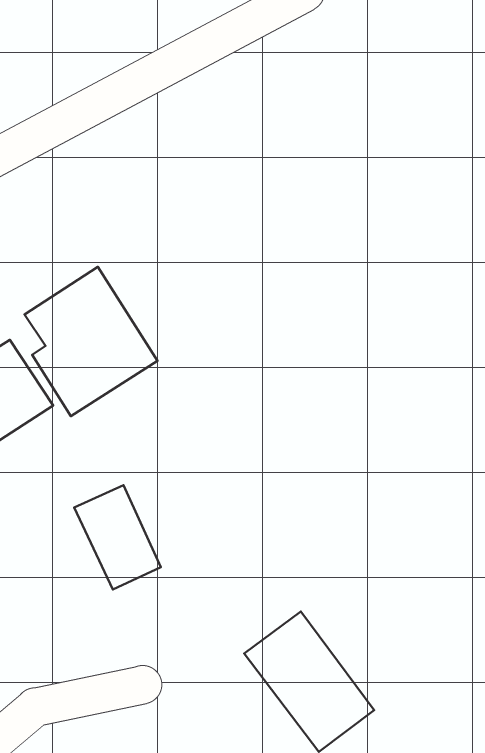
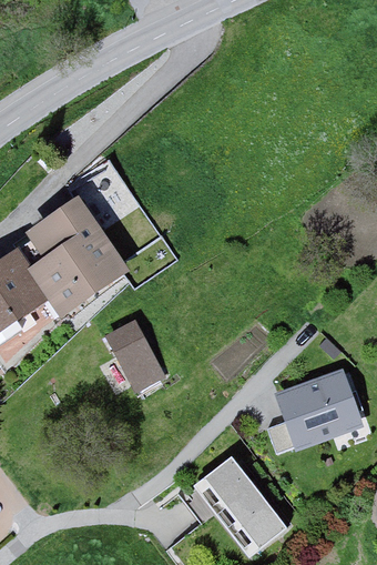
building: [74,485,161,590] -> [101,314,165,392]
building: none -> [275,370,360,447]

